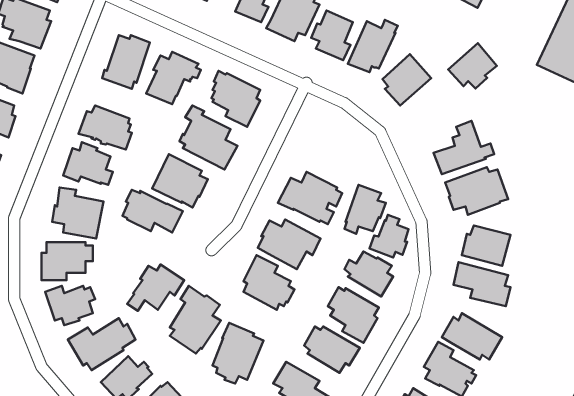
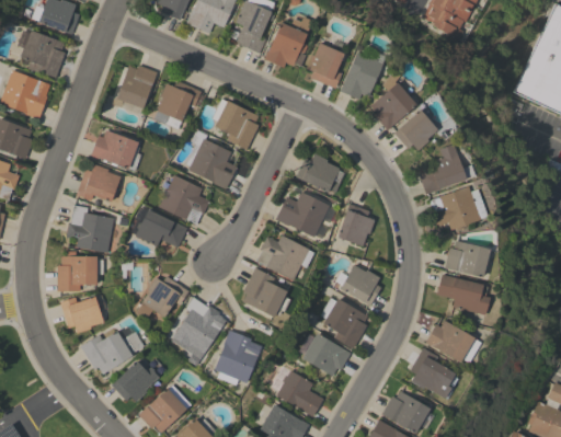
building: [448,43,497,88] -> [393,108,438,150]
building: none -> [296,153,341,192]
building: [370,215,409,258] -> none

